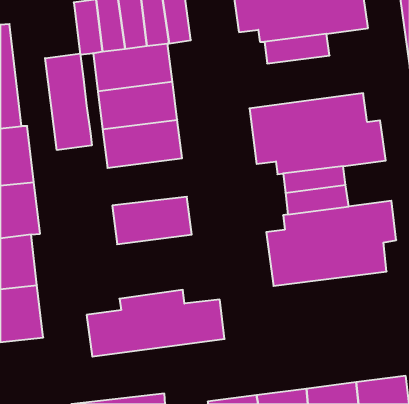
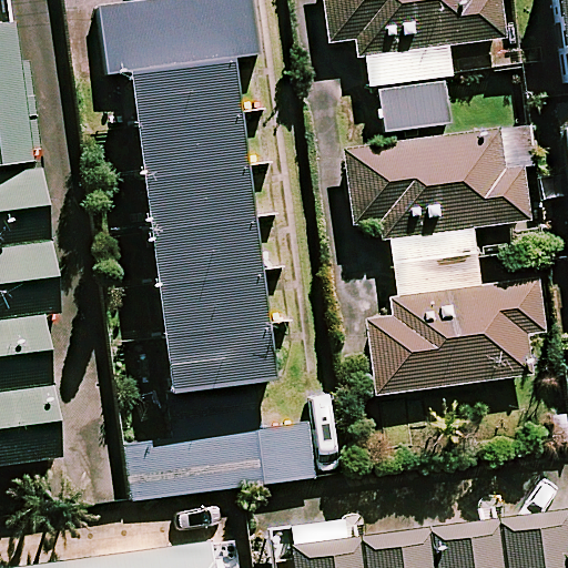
building: [45,53,92,150] -> none
building: none -> [150,219,260,284]
building: none -> [163,324,273,389]

